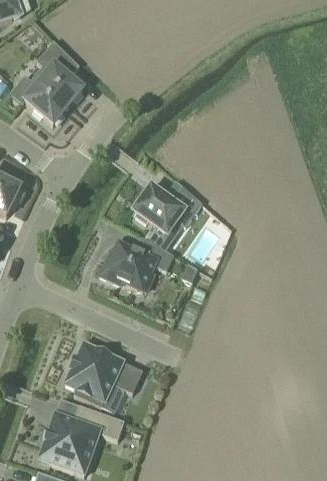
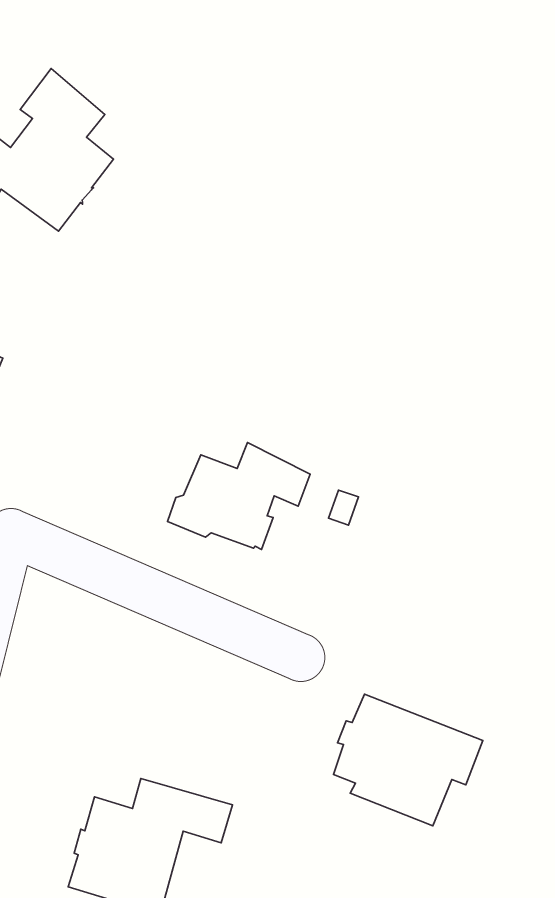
building: [134,185,198,232] -> none
building: [65,342,142,411] -> [334,694,483,826]

